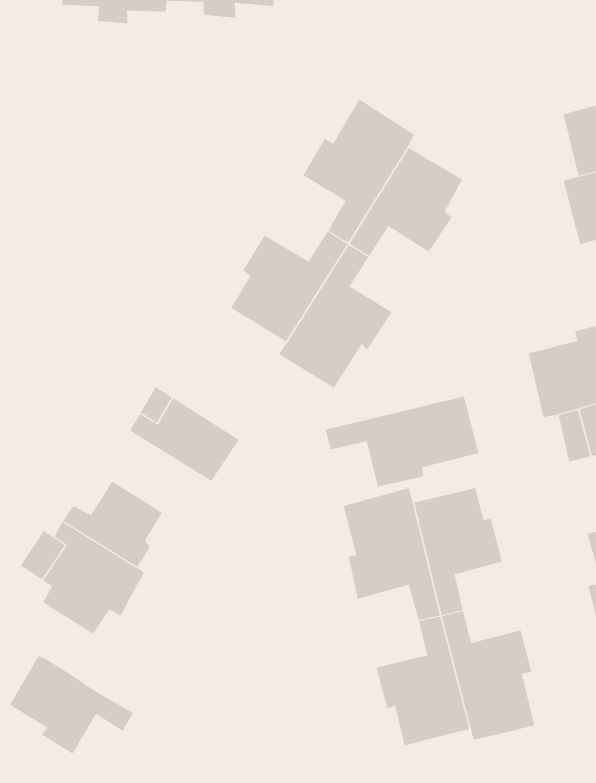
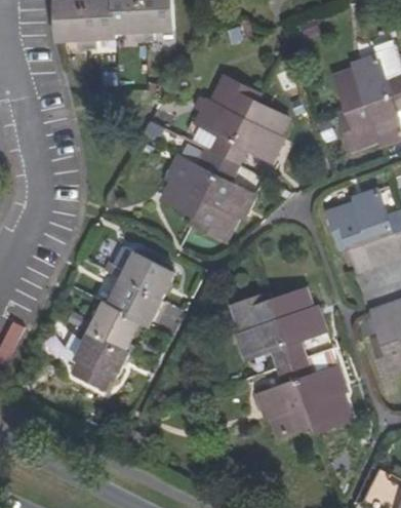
building: [325,396,479,488] -> none
building: none -> [108,273,160,323]
building: [9,655,134,755] -> none

